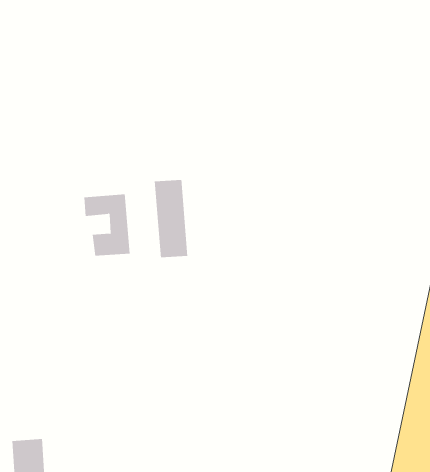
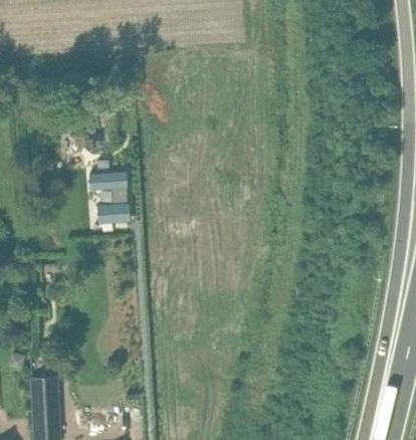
building: [154,179,188,258] -> none

